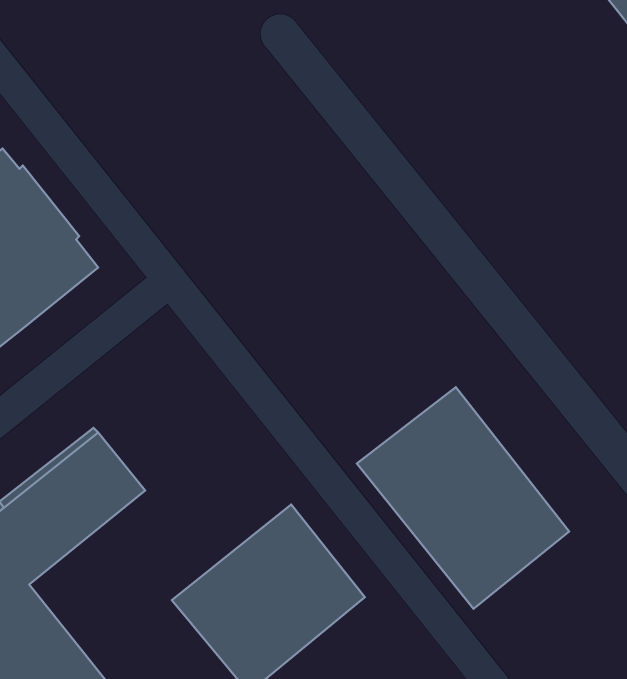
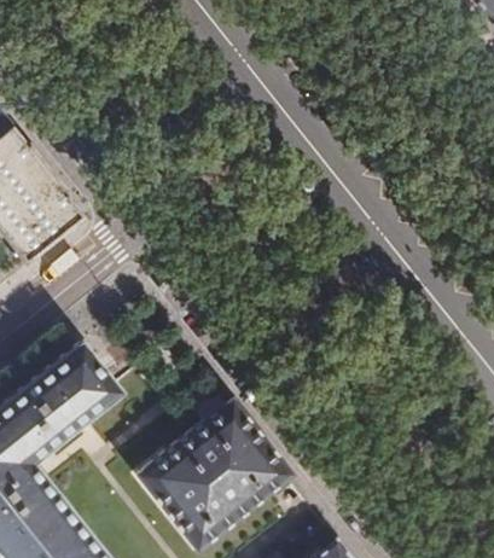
building: [357,387,569,609] -> none

